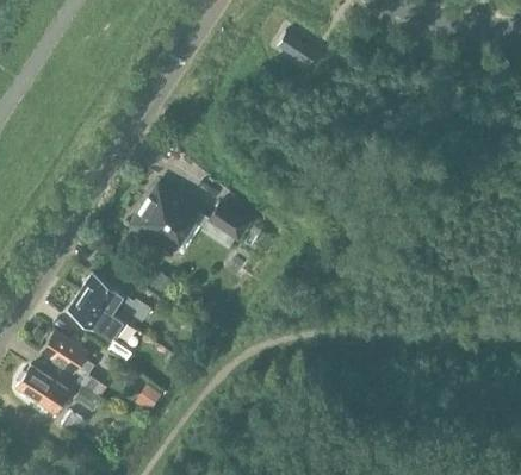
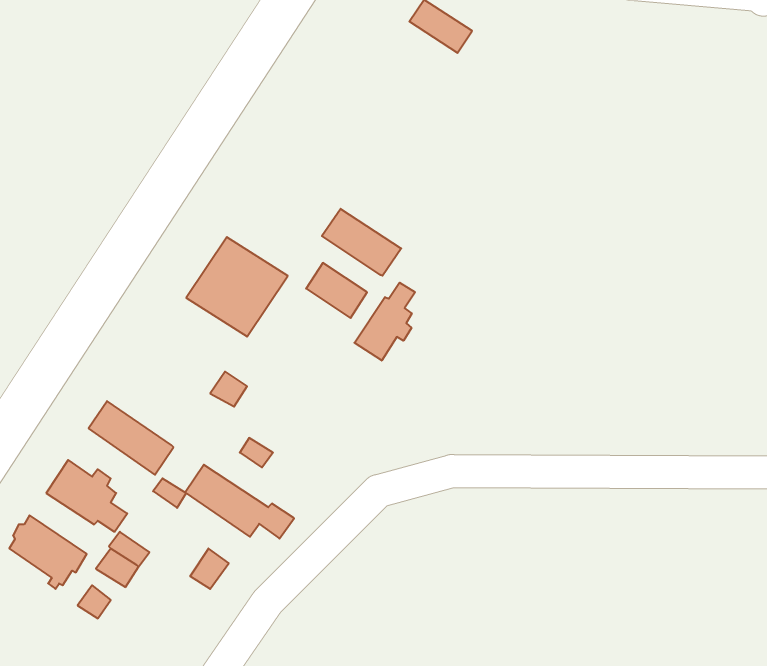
building: none -> [322,209,401,276]
building: none -> [354,283,415,361]
building: [81,274,151,321] -> [185,465,294,539]

